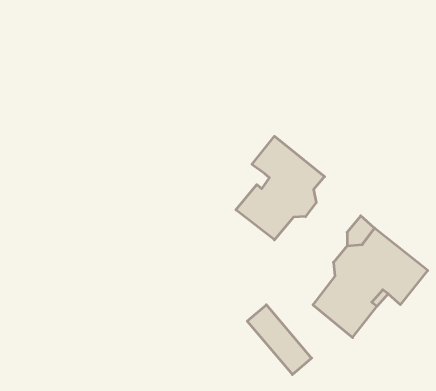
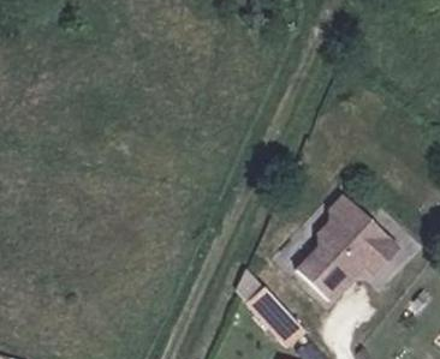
building: [236,136,325,240] -> none

